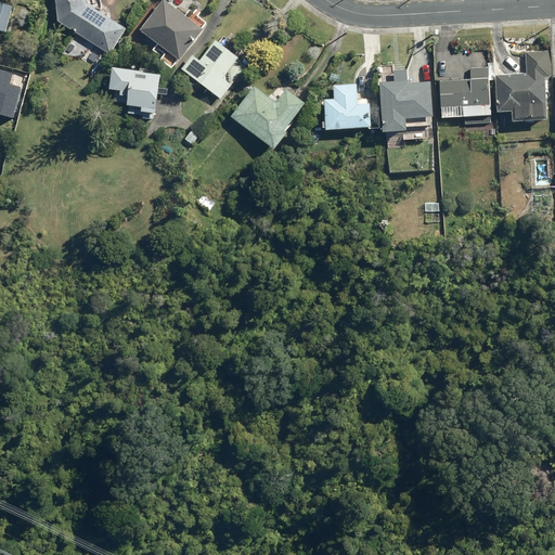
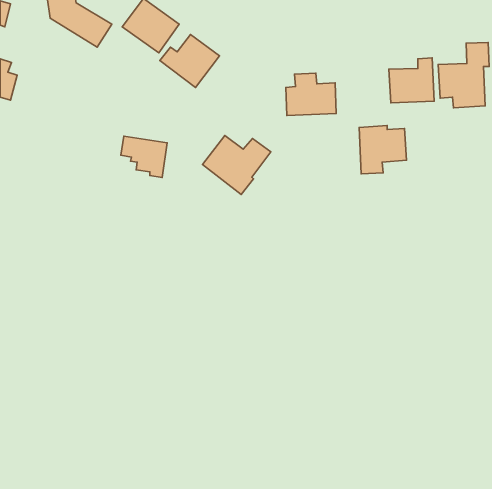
building: [107,67,159,114] -> [121,136,167,177]
building: [378,79,431,133] -> [359,126,406,174]
building: [229,85,306,151] -> [203,136,271,194]

